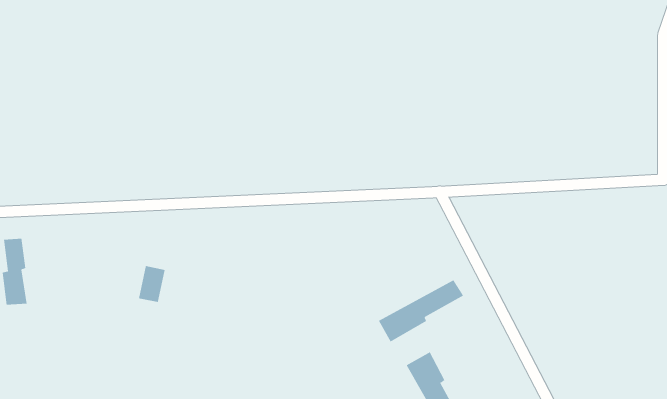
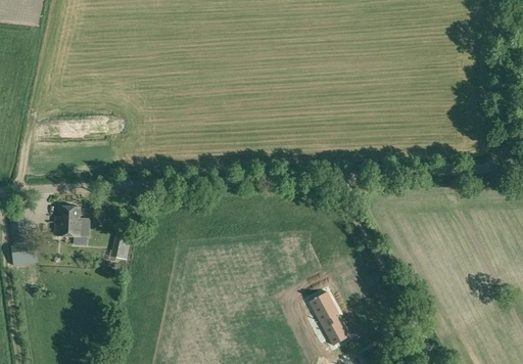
building: none -> [54,207,89,237]
building: [378,280,464,343] -> none

